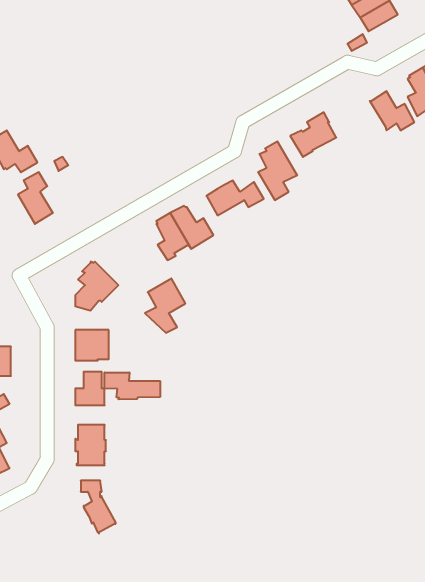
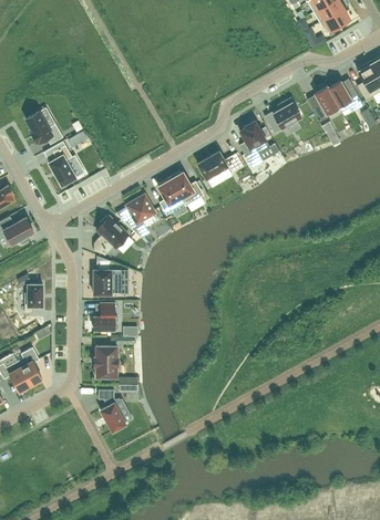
building: none -> [315,86,341,121]
building: [145,278,185,333] -> [124,194,156,237]
building: [105,372,160,399] -> none

